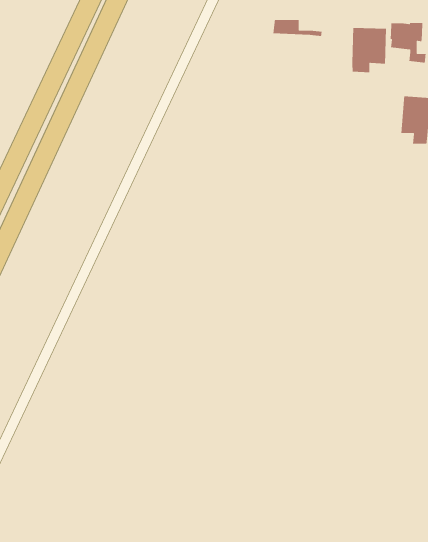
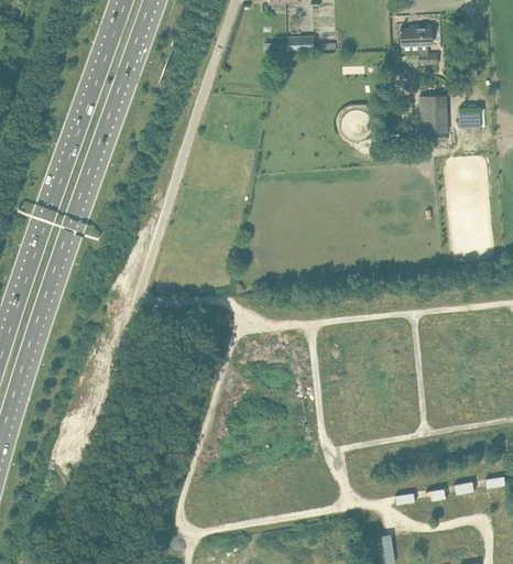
building: [352,27,387,73] -> none

